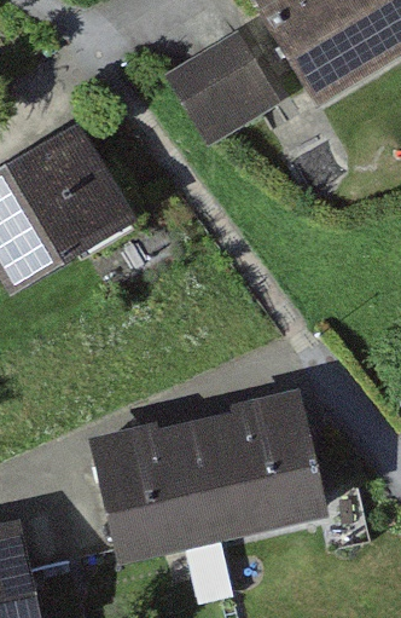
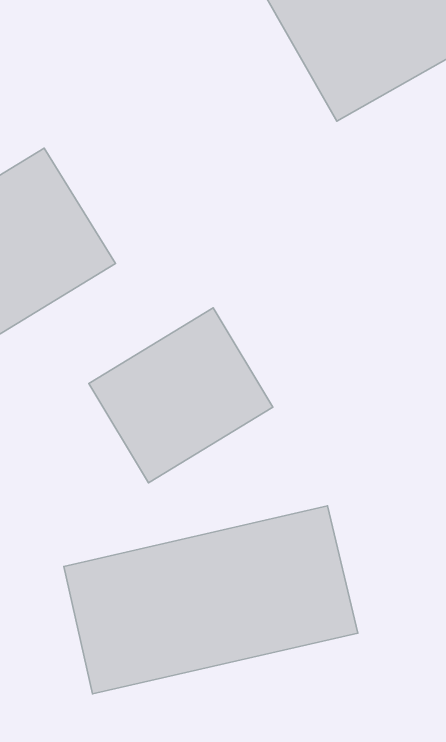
building: [185,39,281,131] -> none
building: none -> [89,308,273,483]

